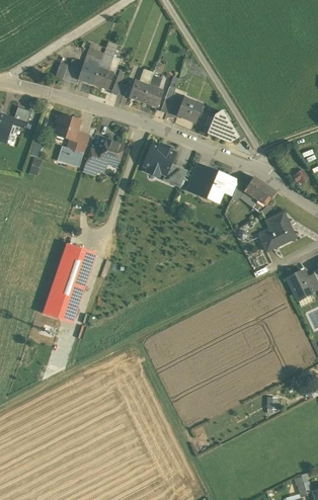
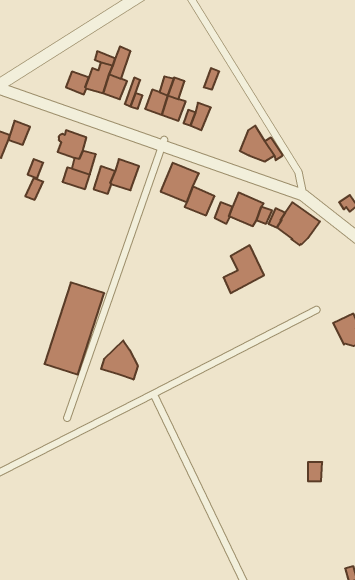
building: [176,95,204,122] -> none
building: [259,212,294,252] -> [223,245,264,293]
building: none -> [101,340,138,380]

